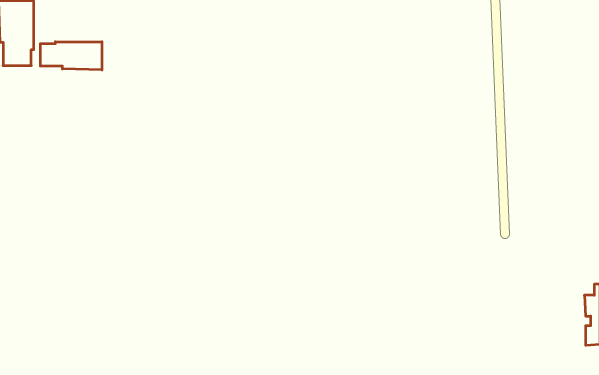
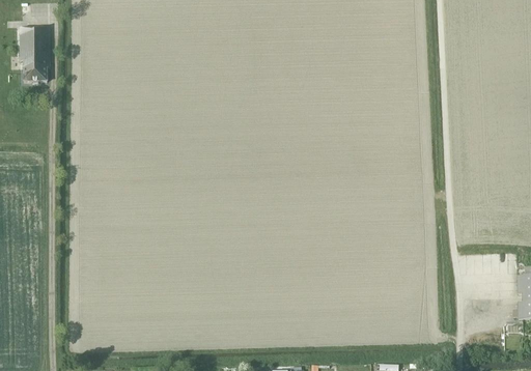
building: [40,42,102,70] -> none

